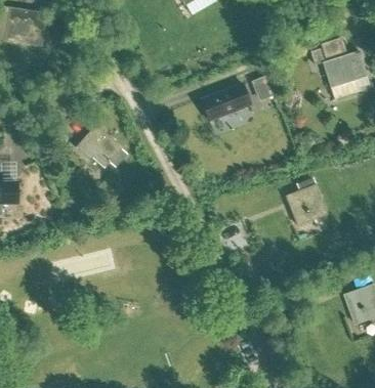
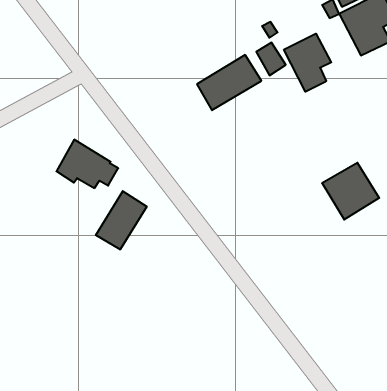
building: none -> [284,34,331,92]
building: none -> [96,191,147,250]

